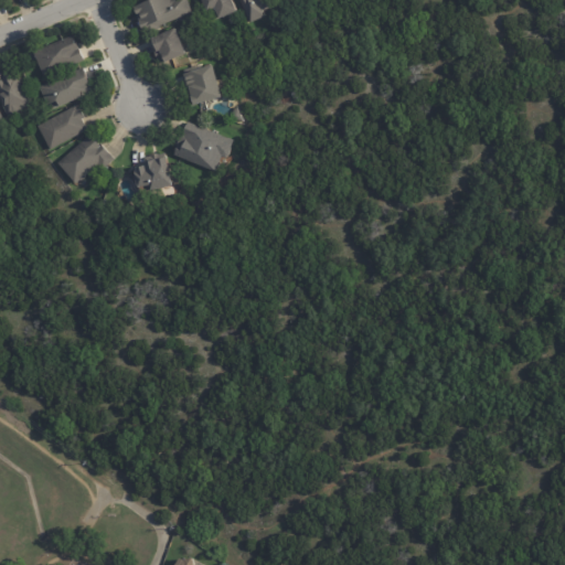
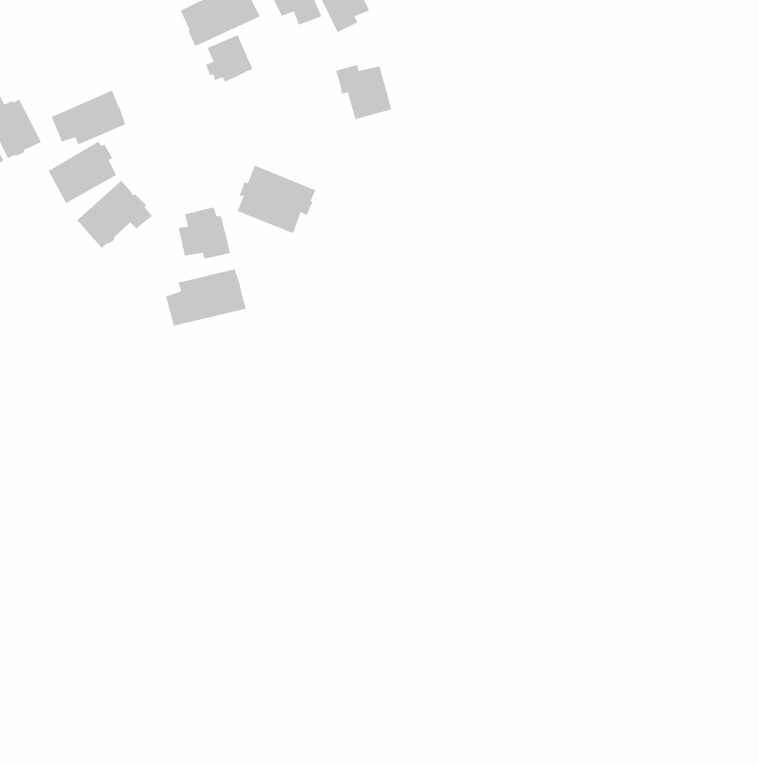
building: [32,34,83,77] -> none
building: [183,65,225,106] -> [335,64,392,120]
building: none -> [165,268,246,327]

